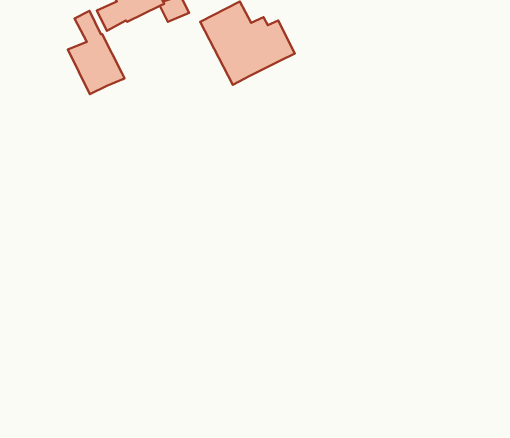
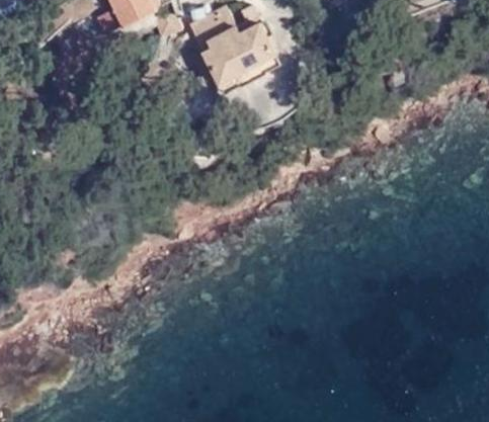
building: [68,11,125,94] -> none

